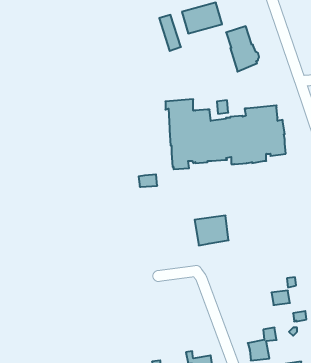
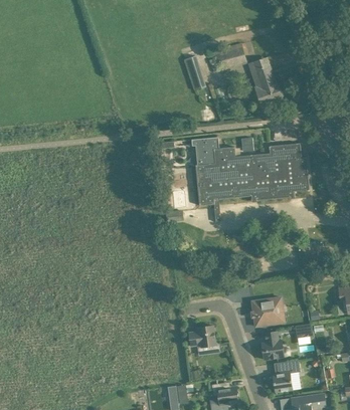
building: [195,216,229,245] -> [251,297,285,327]
building: none -> [189,326,220,354]
building: none -> [261,332,291,360]

